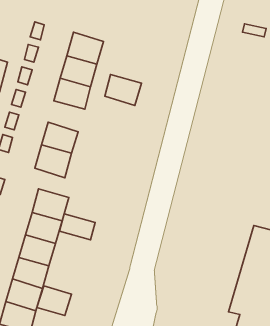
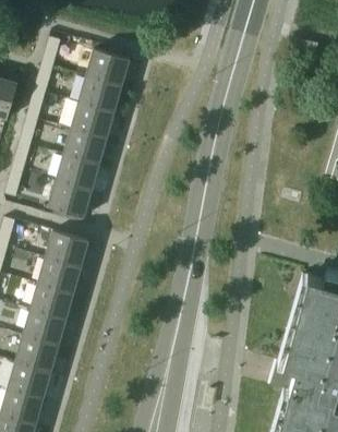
building: [105,75,142,106] -> [63,132,106,168]
building: [60,214,95,240] -> none
building: [37,286,71,315] -> none

